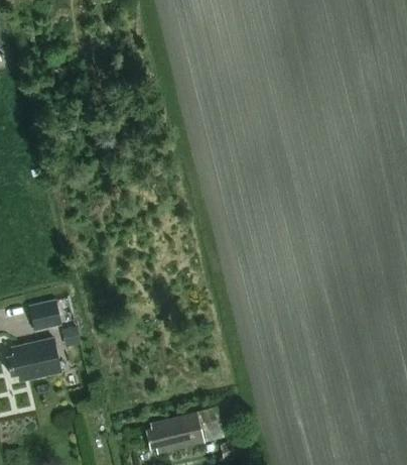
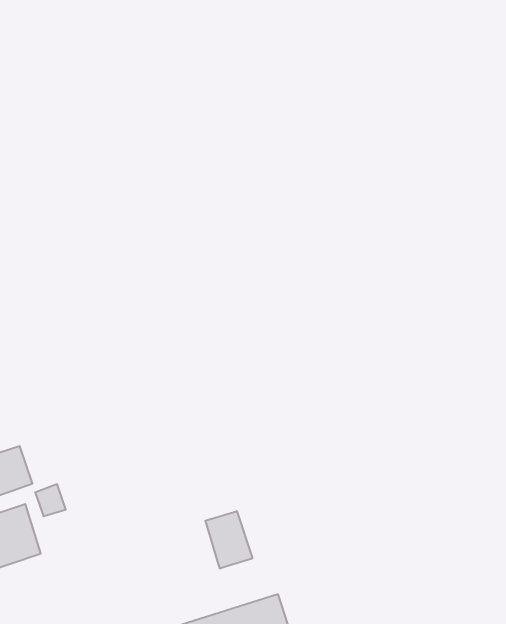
building: none -> [205,511,252,569]

